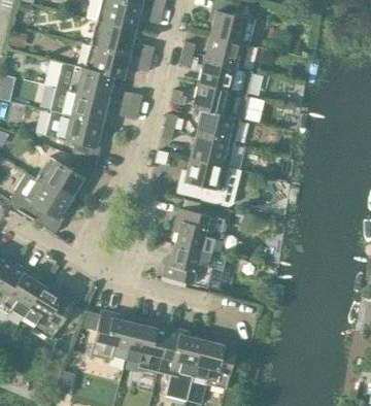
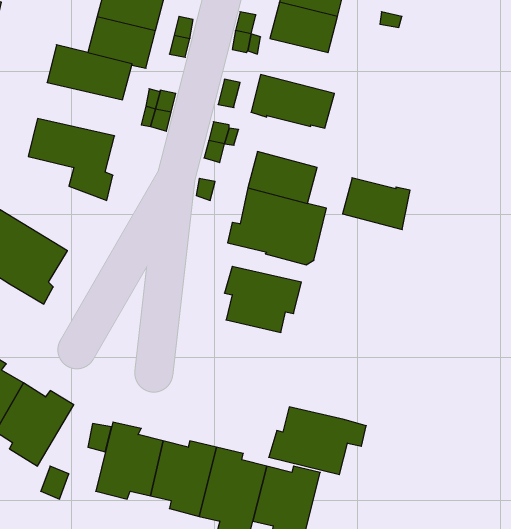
building: [197,60,251,96] -> none
building: [50,89,106,124] -> none
building: [195,110,239,144] -> [343,178,410,230]
building: [36,157,96,199] -> none
building: [161,244,225,289] -> [269,407,366,475]

